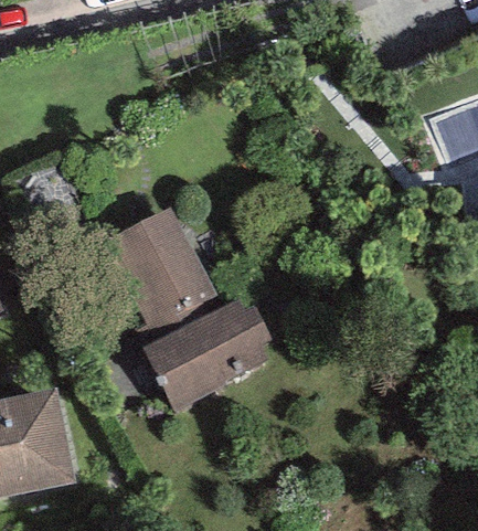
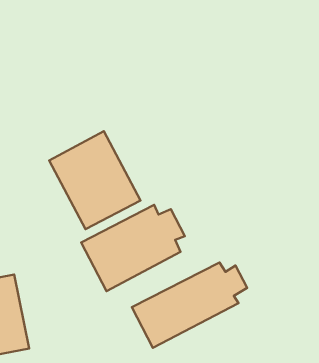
building: none -> [132,263,247,348]

